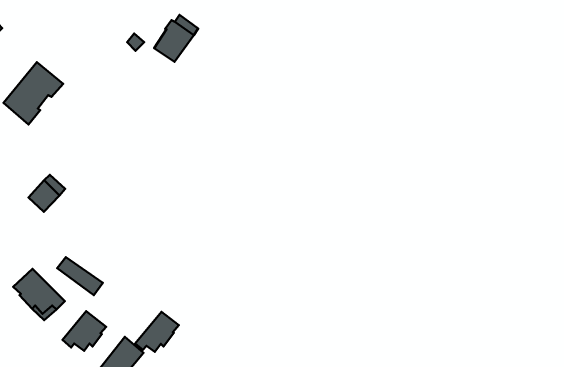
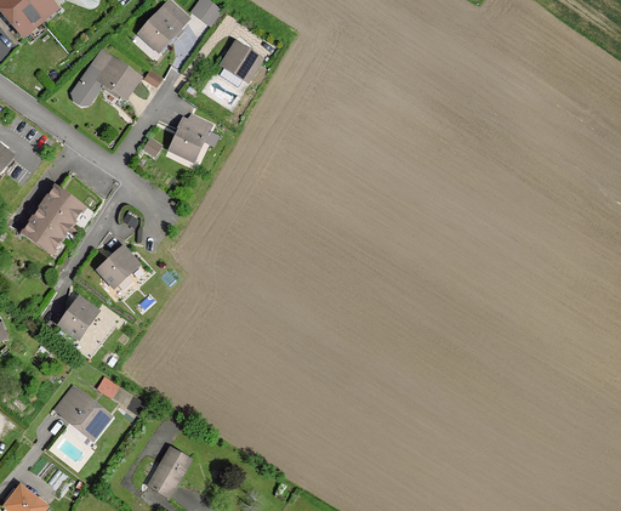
building: none -> [97,243,135,280]
building: [62,311,106,351] -> none
building: [135,312,179,352] -> none

